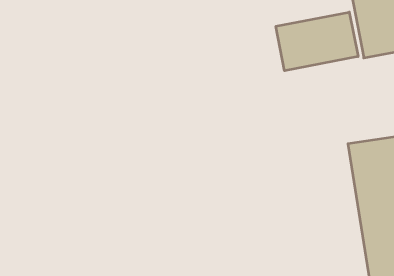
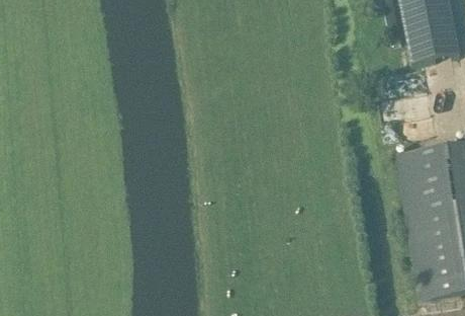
building: [276,12,358,71] -> none

